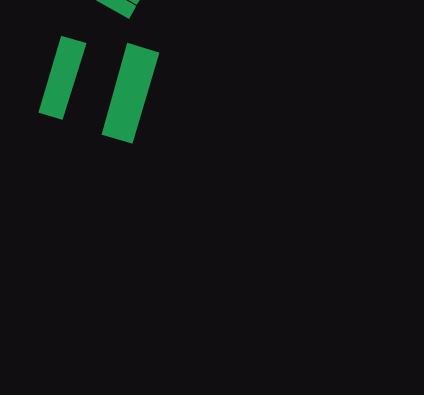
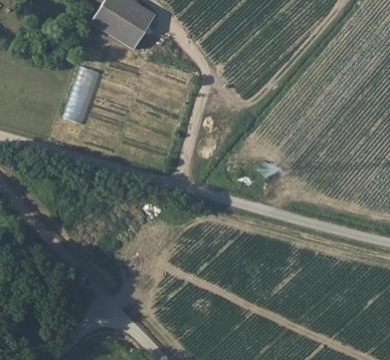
building: [101,42,160,145] -> none

